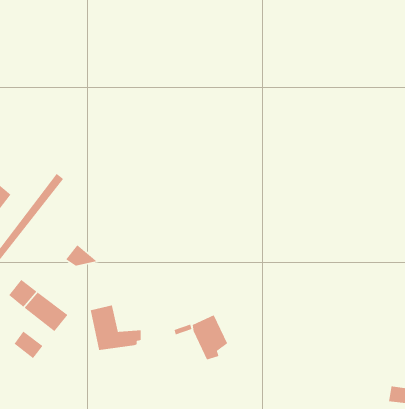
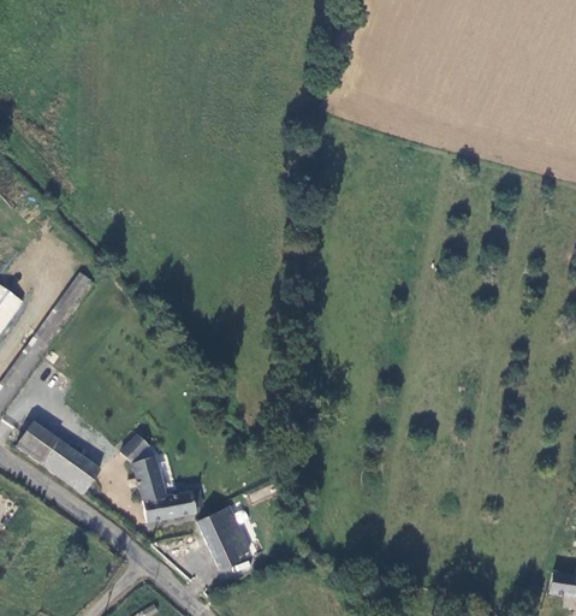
building: [65,244,98,267] -> [118,432,164,463]
building: [192,314,228,361] -> [198,503,249,568]
building: [14,331,43,359] -> none

